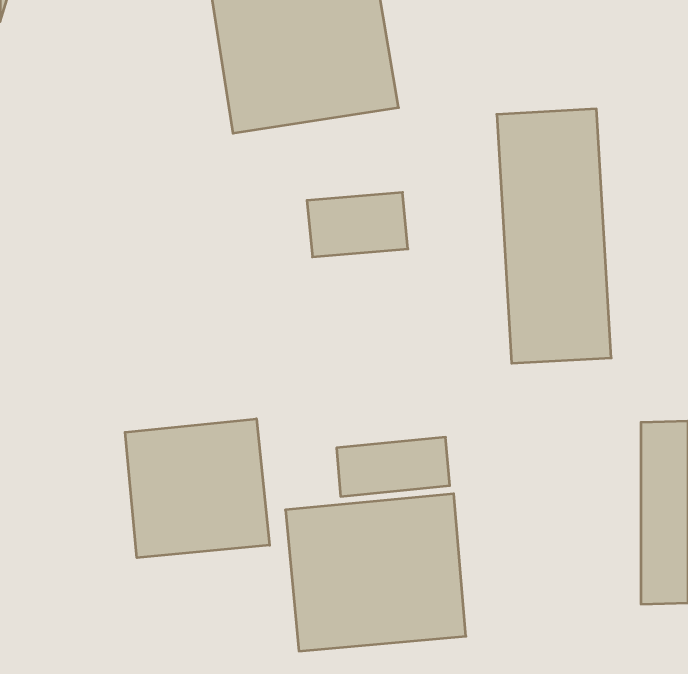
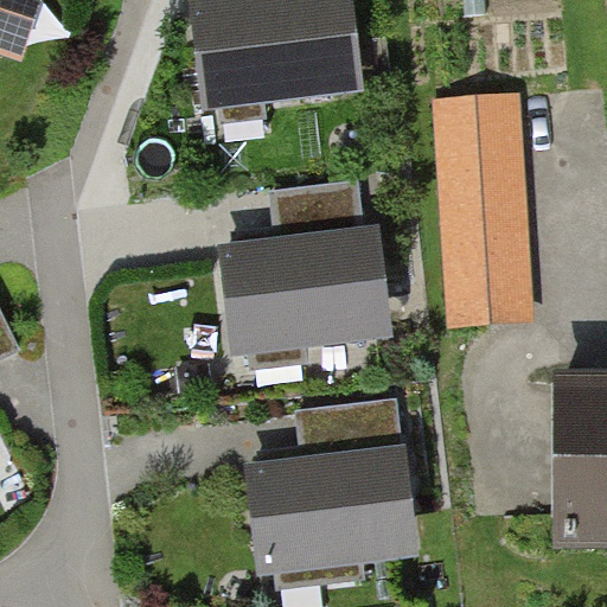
building: none -> [217,228,375,363]
building: [125,419,270,558] -> none

